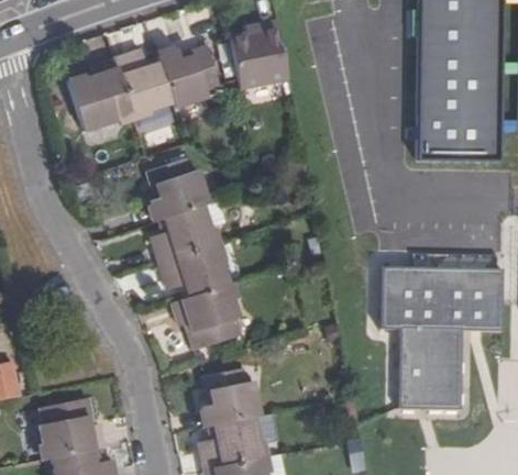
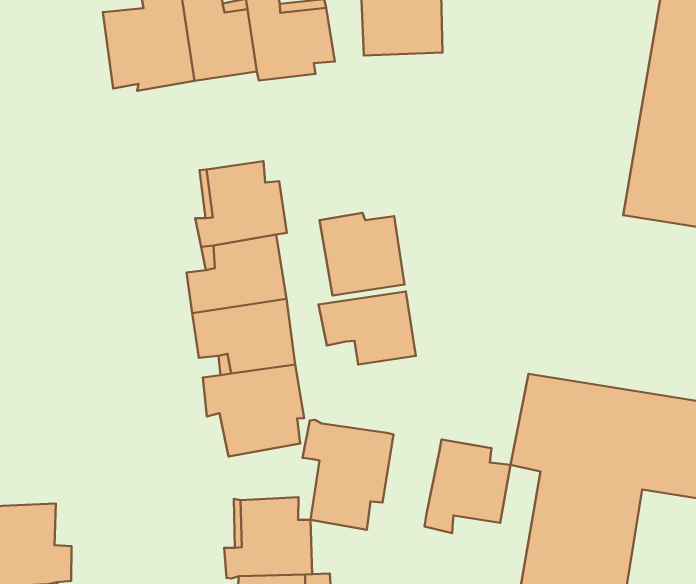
building: none -> [320,213,405,296]
building: none -> [319,292,416,365]
building: none -> [424,439,510,533]
building: none -> [303,420,394,530]

